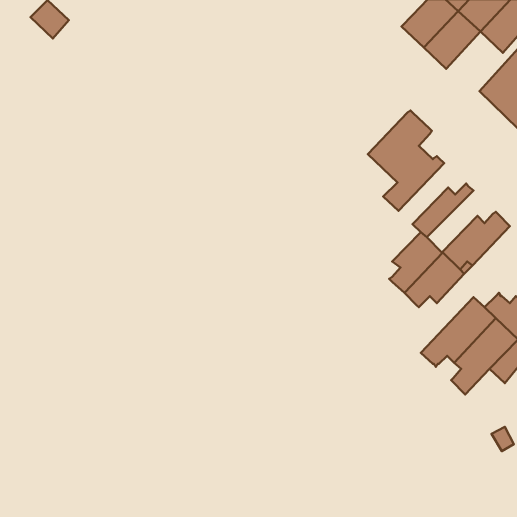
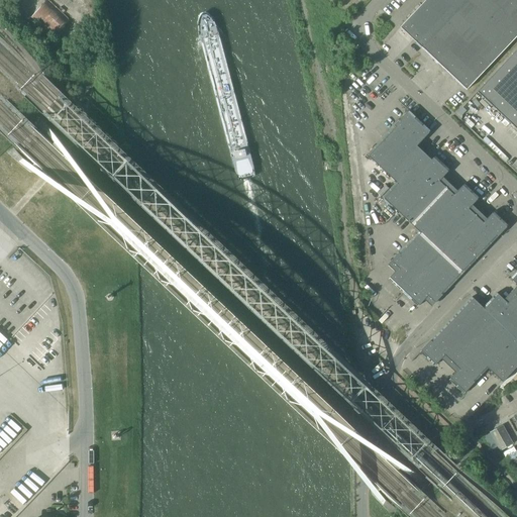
building: none -> [445,31,502,90]
building: none -> [398,163,450,223]
building: none -> [426,190,480,251]

